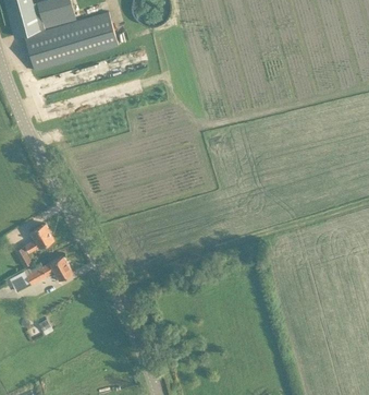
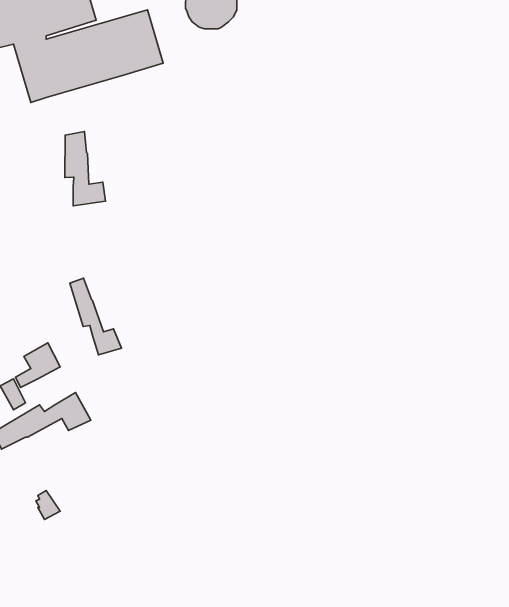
building: none -> [65,132,105,206]
building: none -> [70,278,122,355]

